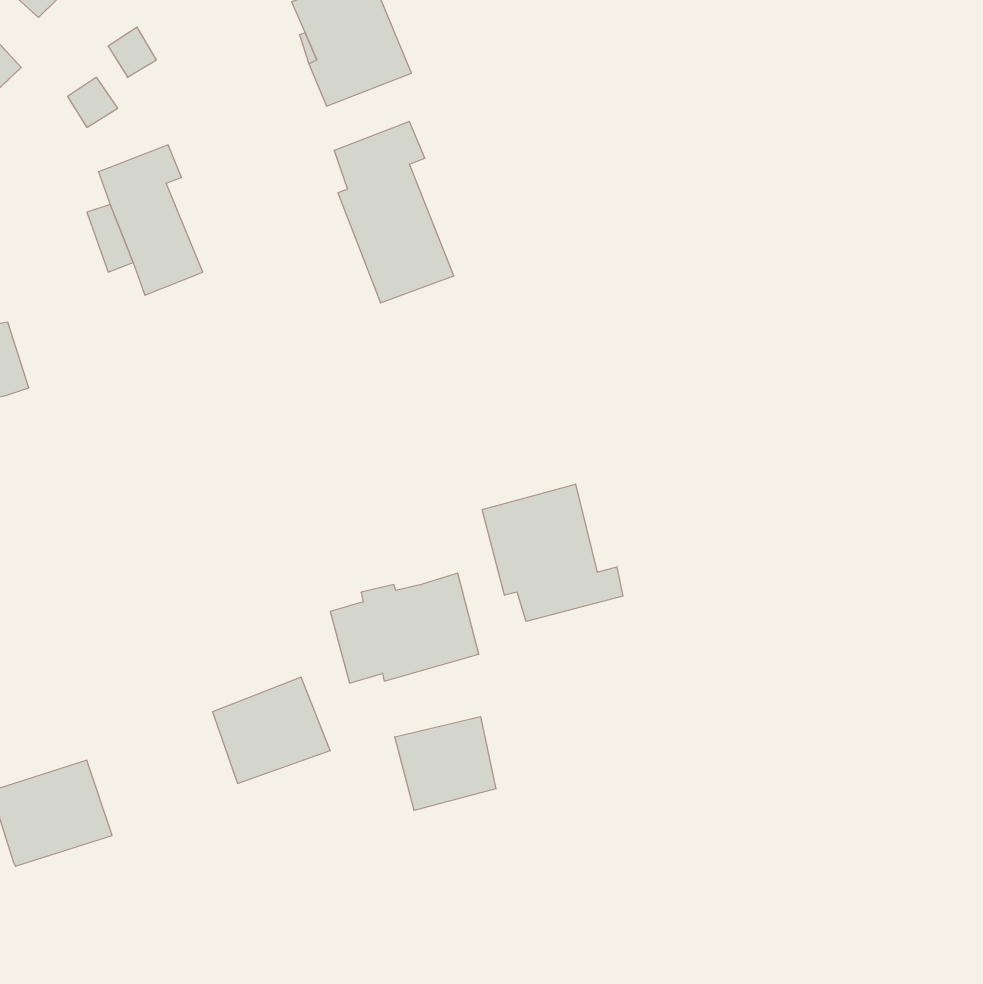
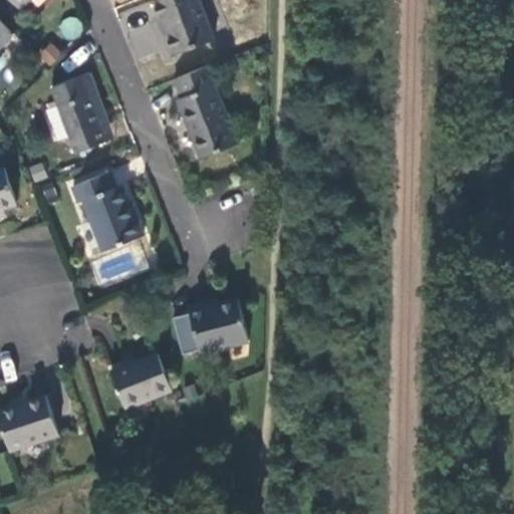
building: none -> [71,173,143,251]
building: [482,484,623,621] -> none
building: [395,717,496,811] -> none

